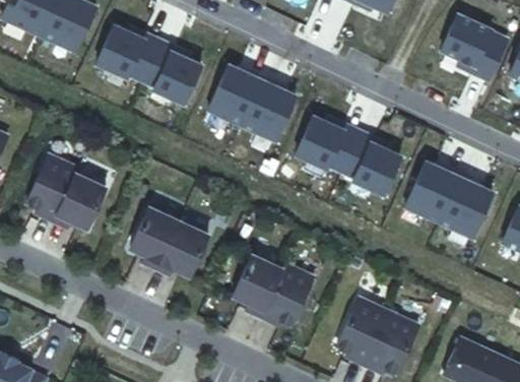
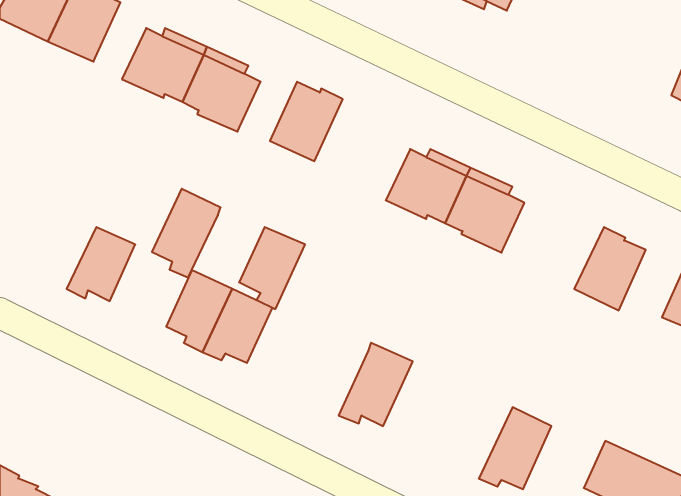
building: [441,15,508,74] -> none
building: [242,79,296,141] -> none
building: [27,155,79,222] -> [152,189,221,278]
building: [404,163,460,222] -> none
building: [233,256,282,318] -> [239,227,305,309]
building: [337,298,391,366] -> none

